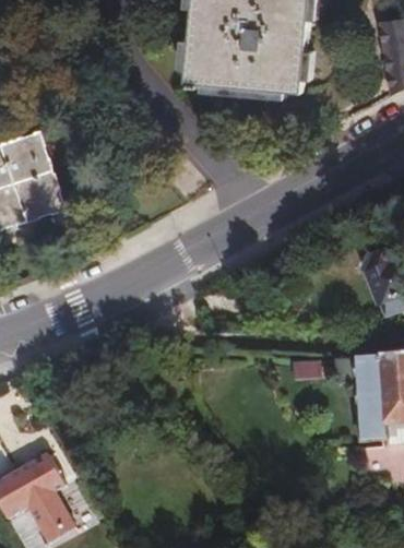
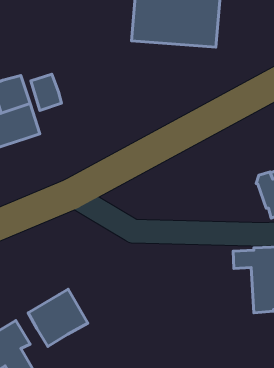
building: none -> [31,74,61,110]
building: none -> [28,289,88,347]

